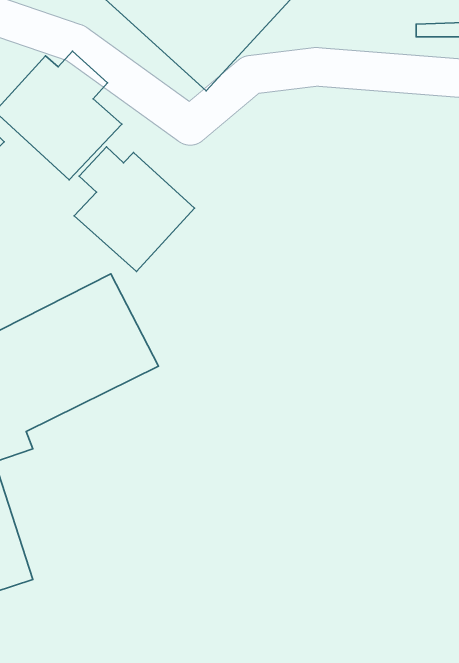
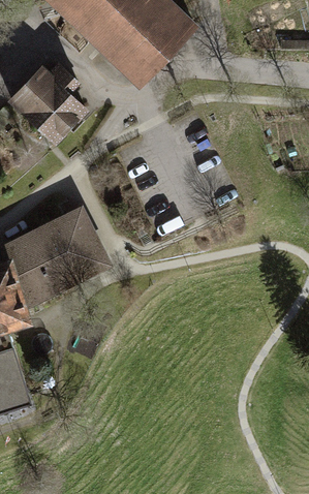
building: [74,147,194,272] -> none

